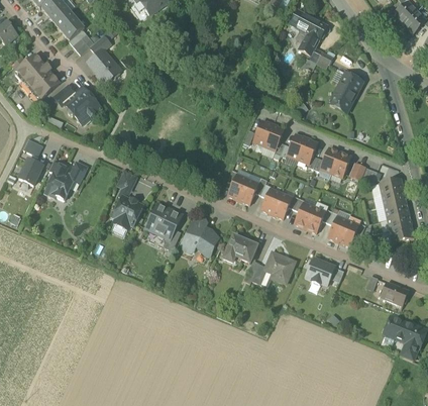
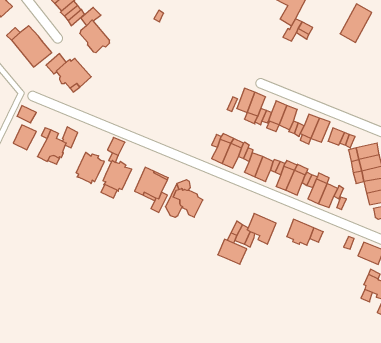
building: [329,72,362,112] -> [340,4,372,42]
building: none -> [76,152,104,184]
building: [226,235,256,262] -> [218,239,247,264]

